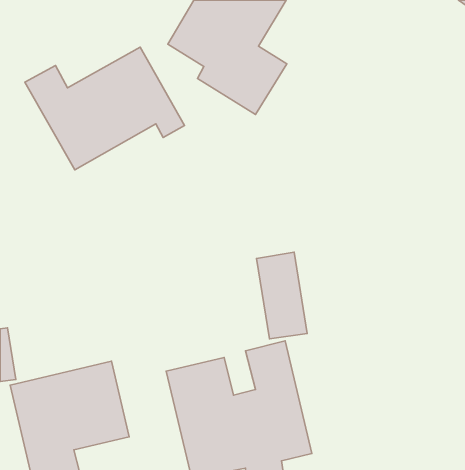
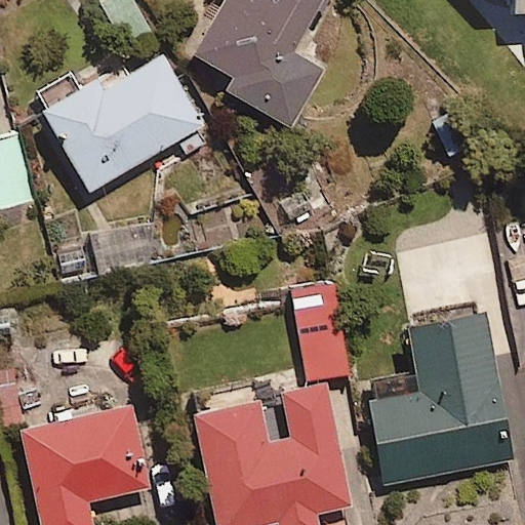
building: none -> [368,304,515,486]

